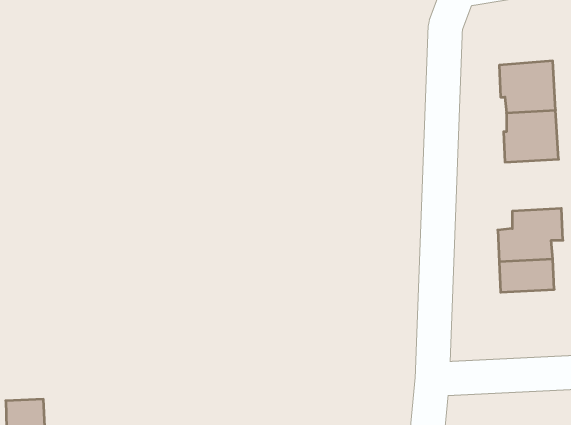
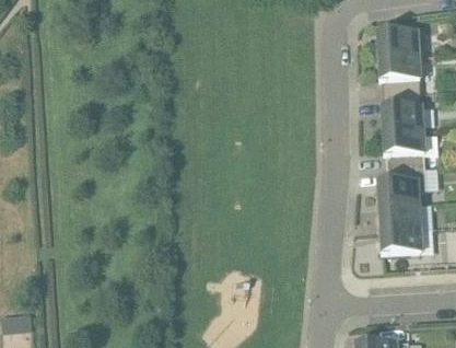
building: none -> [377,30,419,56]
building: none -> [383,127,425,166]
building: none -> [379,225,422,253]

